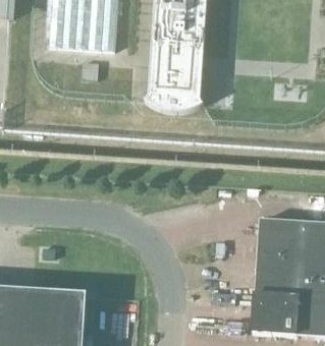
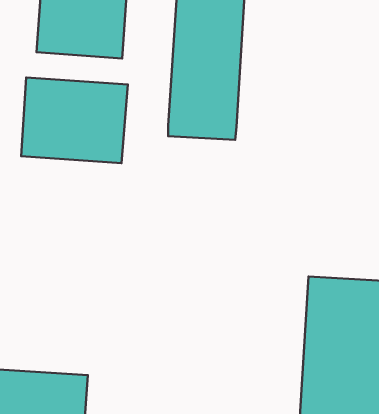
building: none -> [21,77,128,163]

